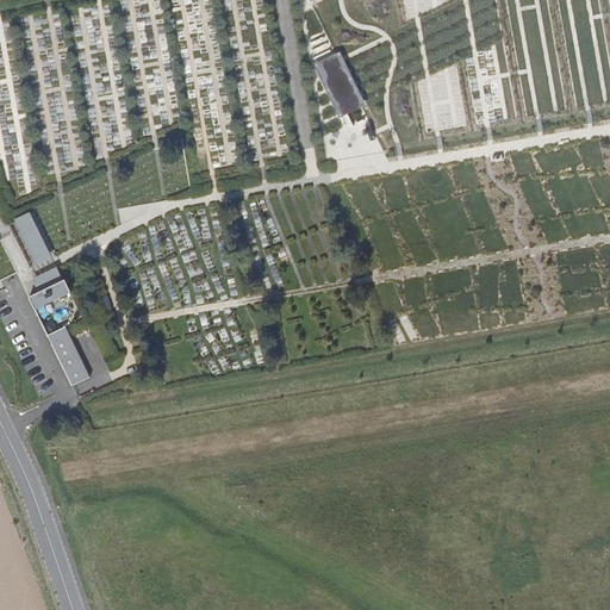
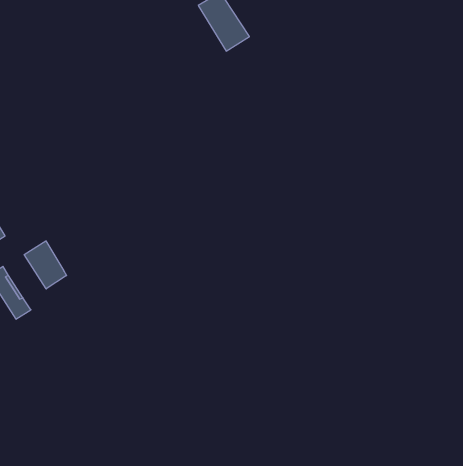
building: none -> [24,241,67,289]

